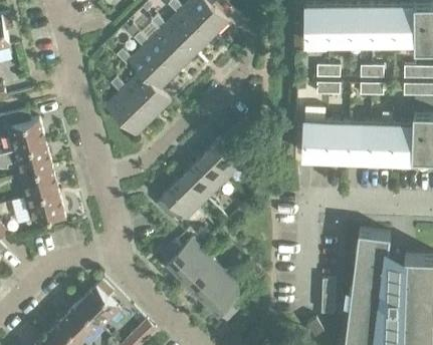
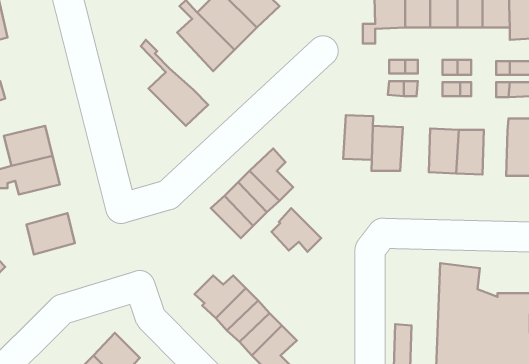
building: [128,36,175,91] -> none
building: [105,81,153,138] -> none
building: [326,121,350,157] -> [343,115,373,160]
building: [392,123,412,160] -> none
building: [18,167,57,200] -> none
building: [157,187,197,222] -> [271,208,321,252]

